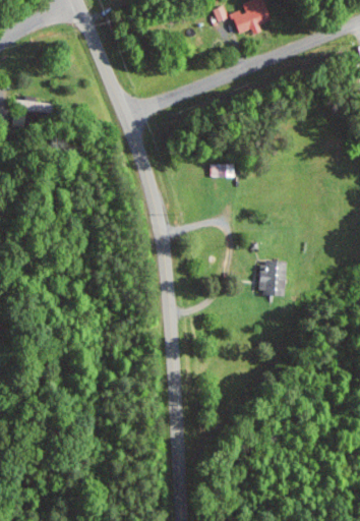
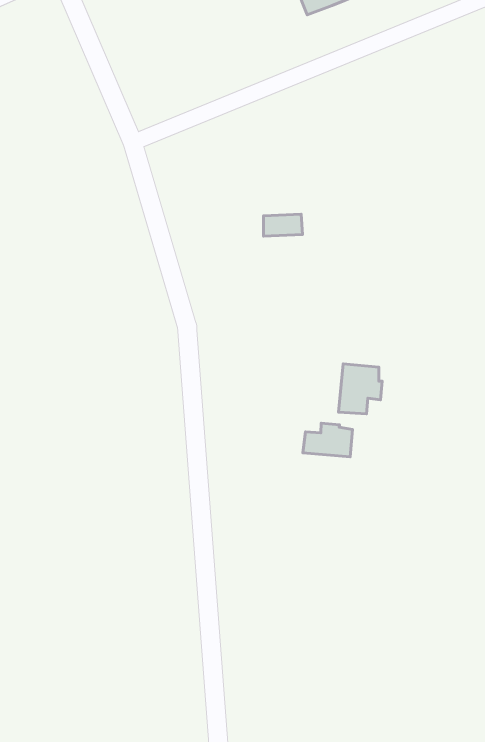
building: none -> [303,423,353,457]

